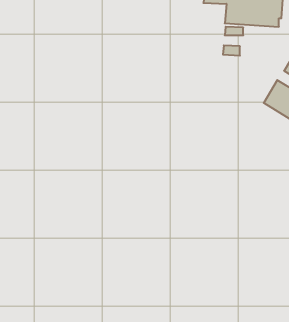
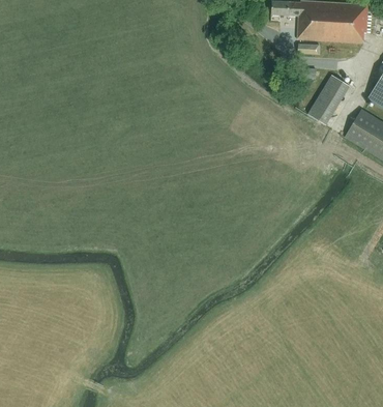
building: none -> [306,74,349,125]

